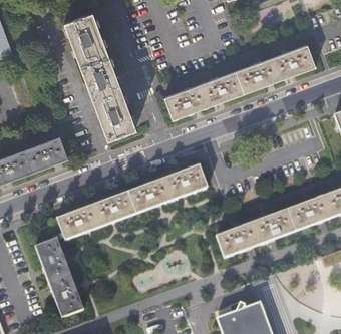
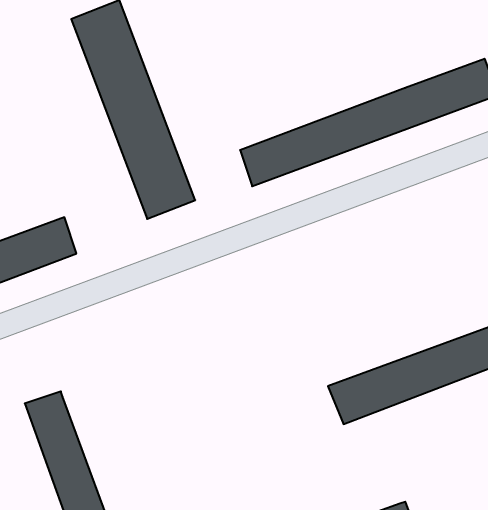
building: [53,165,205,240] -> none

